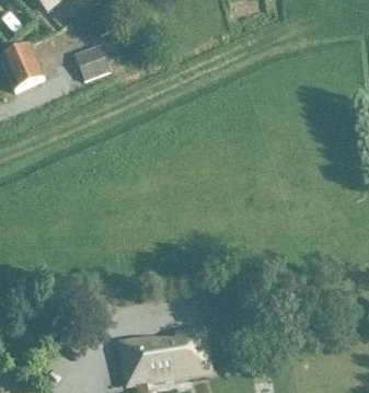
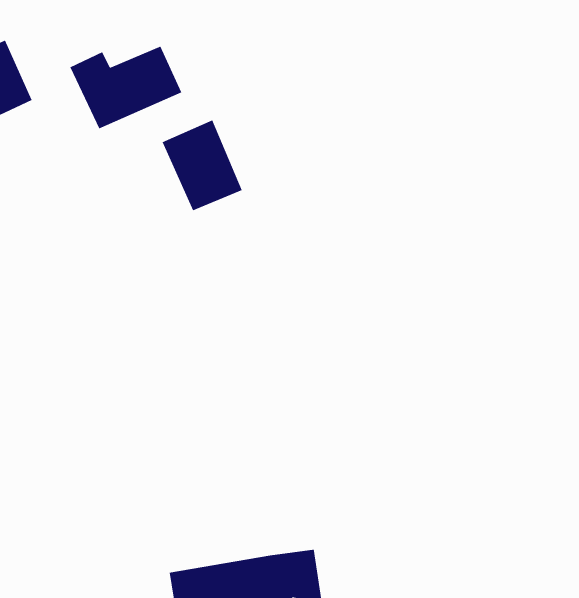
building: none -> [162,119,243,211]

